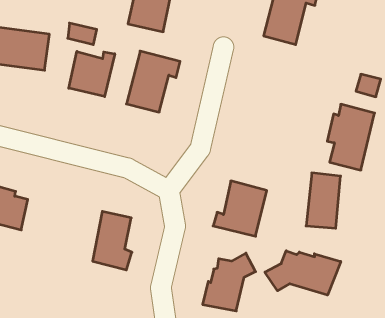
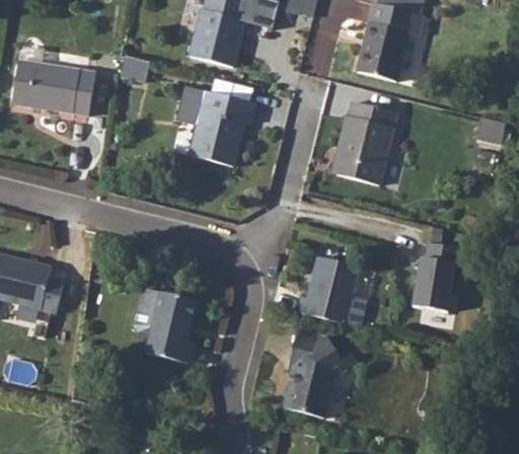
building: [69,51,115,97] -> none
building: [327,104,375,170] -> [339,100,398,183]
building: [265,251,341,295] -> none

